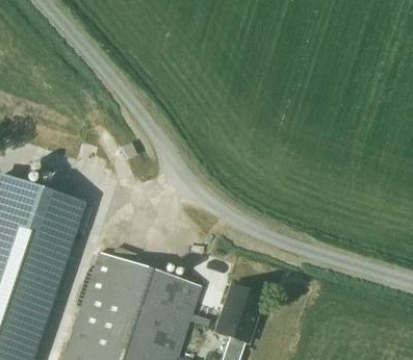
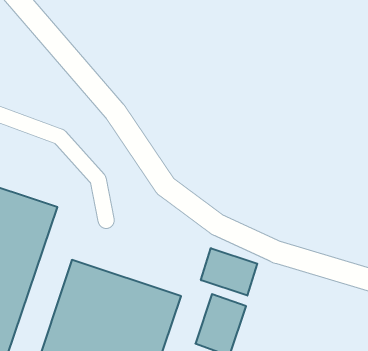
building: none -> [201,248,257,296]

